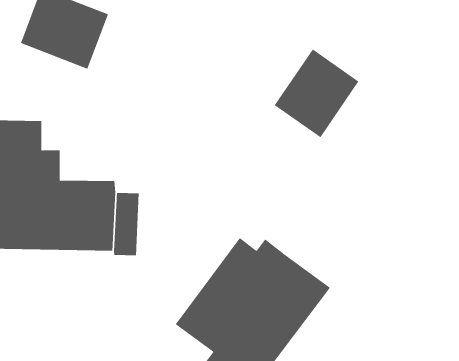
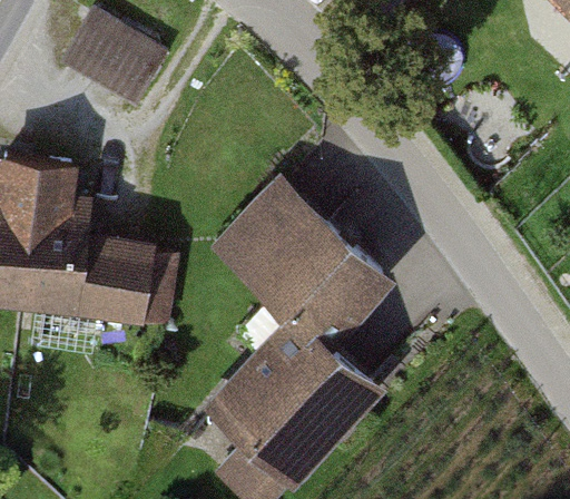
building: [274,49,359,138] -> none
building: none -> [208,178,394,343]

